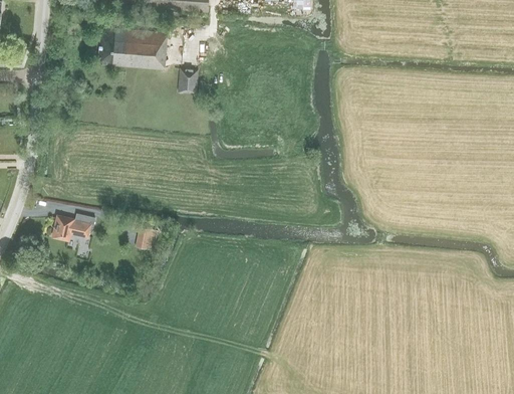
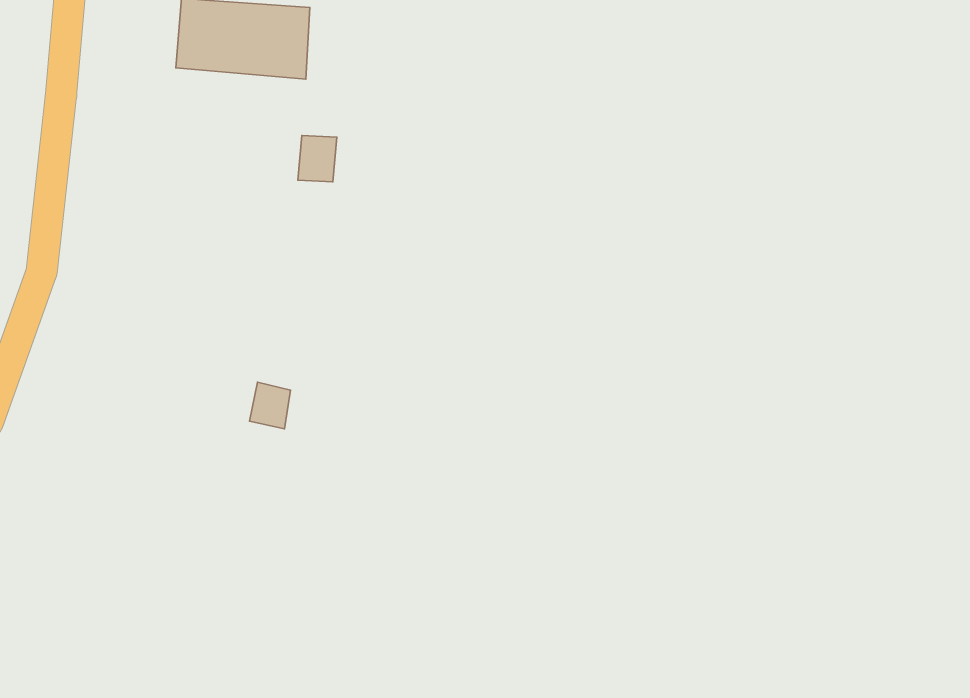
building: [178,67,198,91] -> [298,135,337,182]
building: [52,212,95,239] -> none

